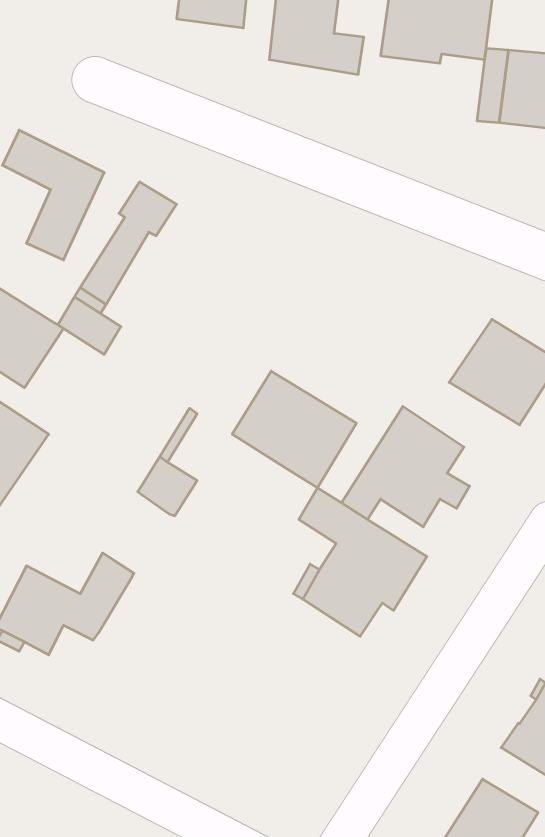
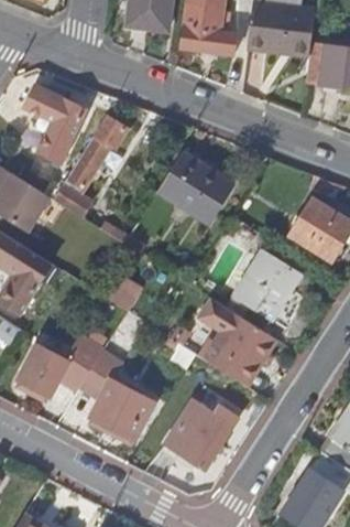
building: [232,371,356,488] -> [158,152,232,222]
building: none -> [80,351,153,440]
building: none -> [162,398,231,471]

